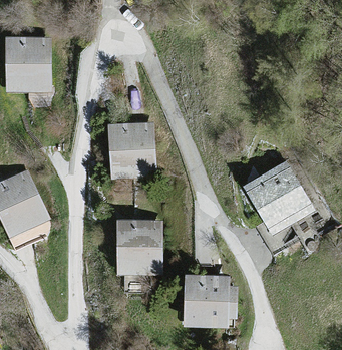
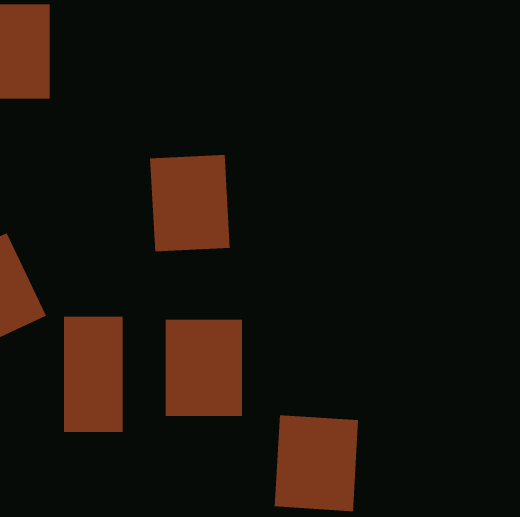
building: [244,162,315,235] -> none
building: none -> [64,316,123,433]

